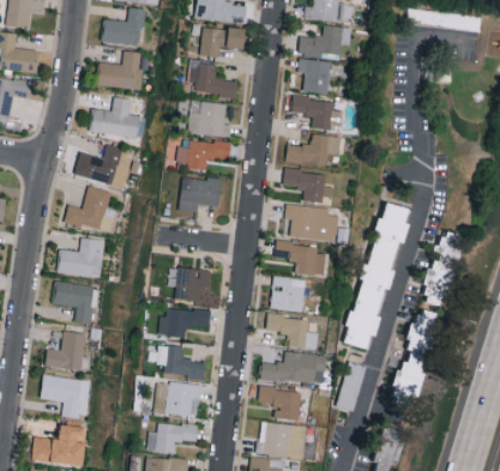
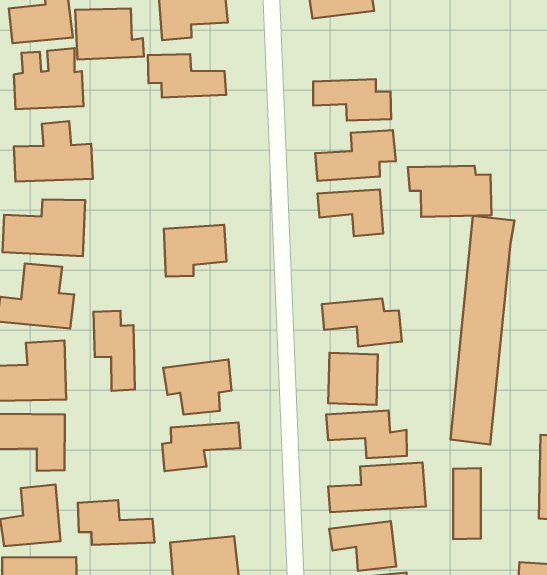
building: [299,60,331,93] -> none
building: [187,99,231,137] -> [75,9,144,59]
building: [176,138,230,170] -> none
building: [285,203,339,242] -> [408,166,491,217]
building: none -> [94,311,135,391]
building: [156,344,205,378] -> [78,500,154,545]

